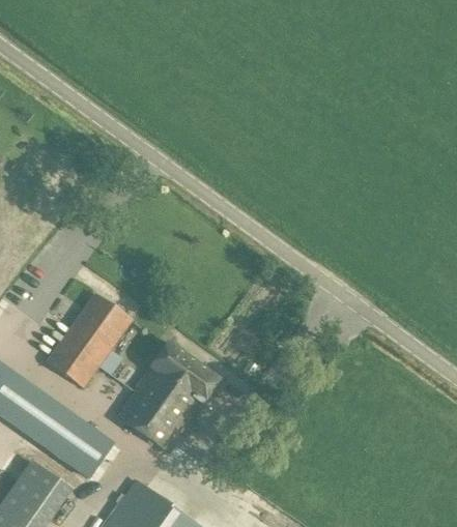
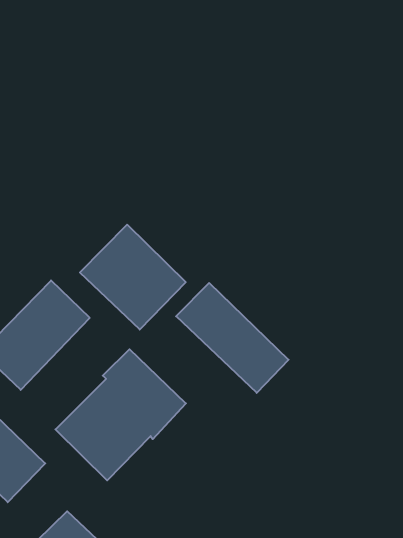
building: none -> [80,225,186,330]
building: none -> [176,283,289,393]

